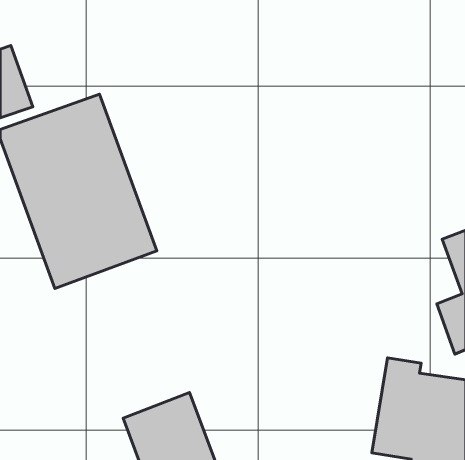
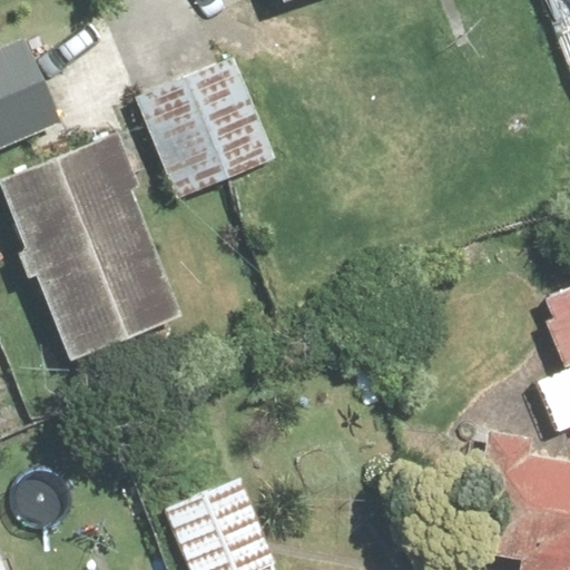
building: none -> [136,51,282,202]

